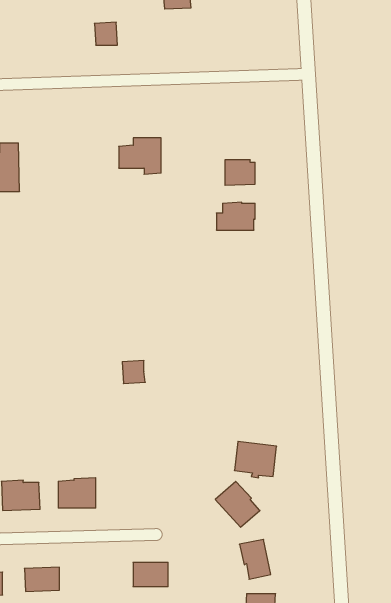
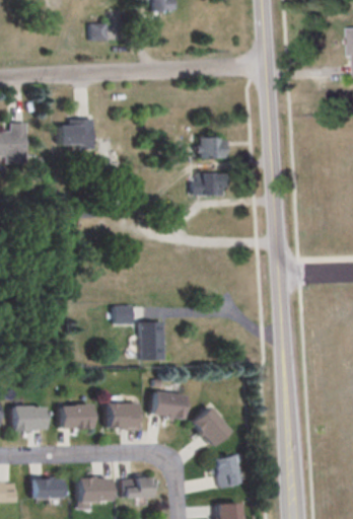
building: [119,138,161,174] -> [58,119,93,149]
building: none -> [140,321,164,360]
building: [234,441,277,478] -> [150,390,186,421]
building: none -> [105,402,139,428]
building: none -> [77,477,111,503]

